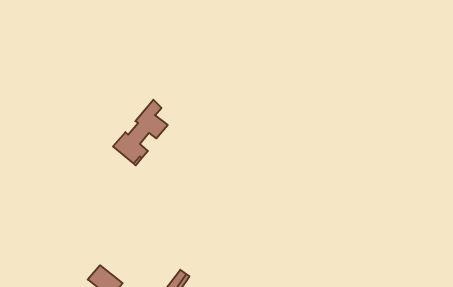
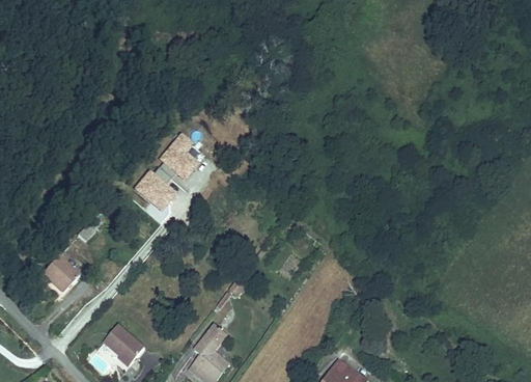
building: none -> [36,256,73,292]

